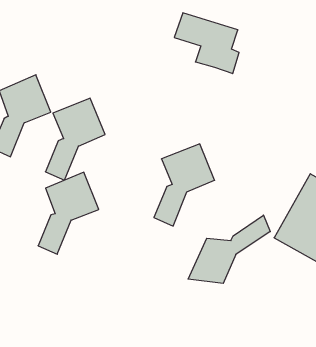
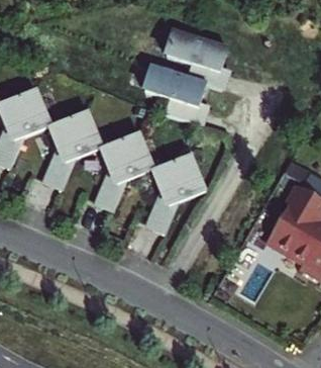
building: none -> [145,65,207,122]
building: [38,172,99,254] -> [96,131,153,209]
building: [188,215,270,283] -> none

